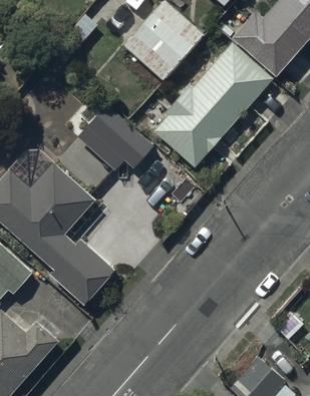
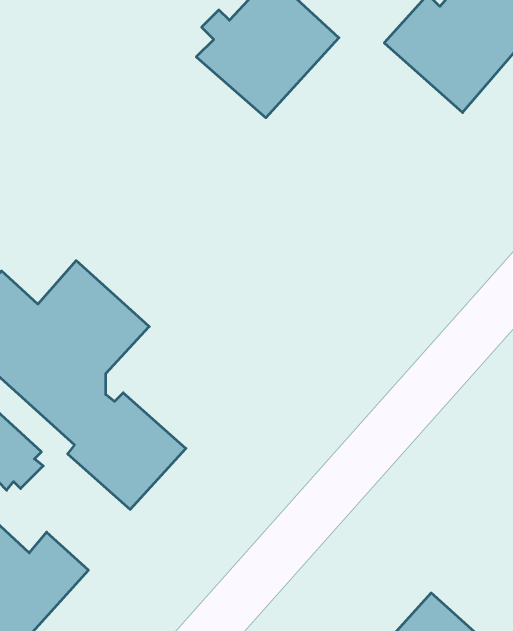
building: [153,42,273,167] -> none
building: [90,110,159,180] -> none

